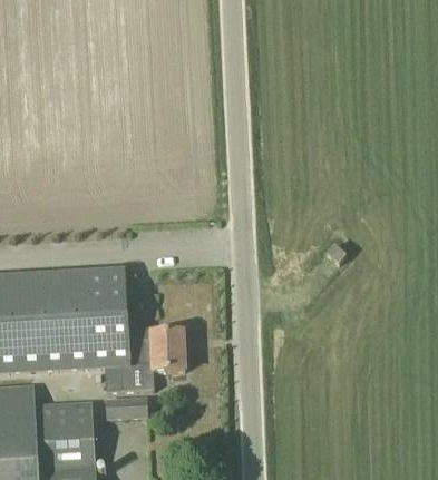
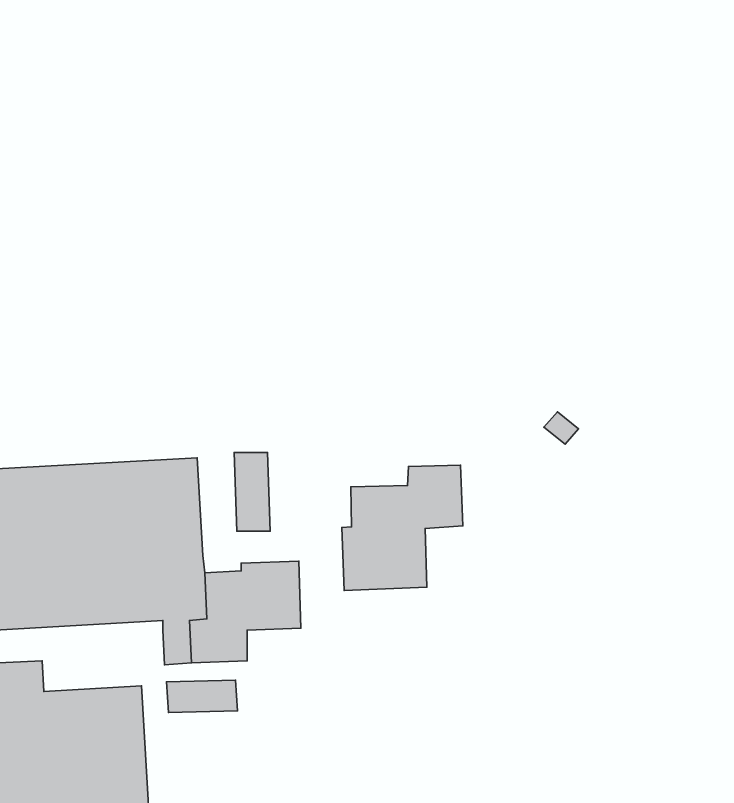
building: none -> [234,453,270,531]
building: none -> [342,465,463,590]

